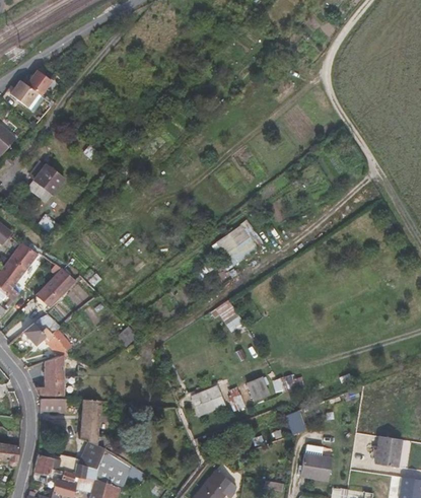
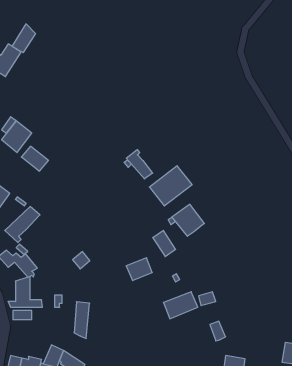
building: none -> [12,24,35,53]
building: none -> [21,146,48,171]
building: none -> [126,150,153,179]
building: none -> [172,204,204,236]
building: [192,386,224,415] -> [126,258,152,281]
building: [81,399,100,444] -> [74,302,90,338]

